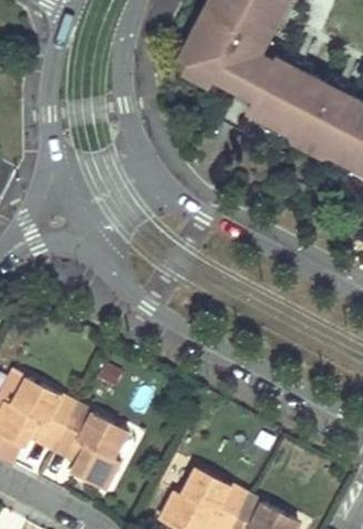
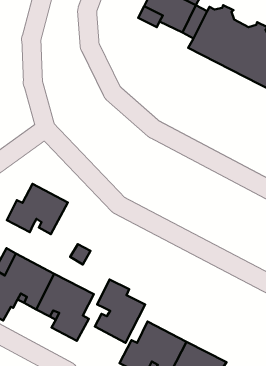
building: none -> [7,184,68,234]
building: none -> [95,280,145,343]

